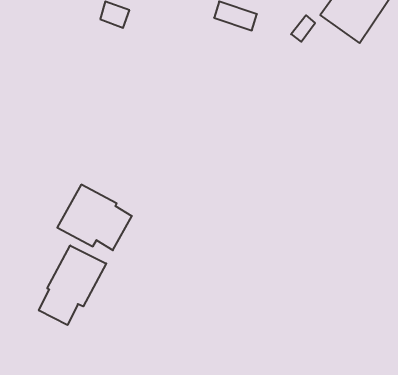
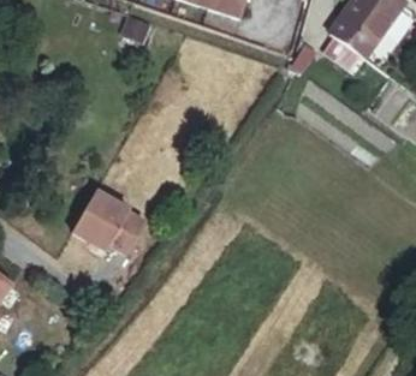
building: [39,245,106,325] -> none

